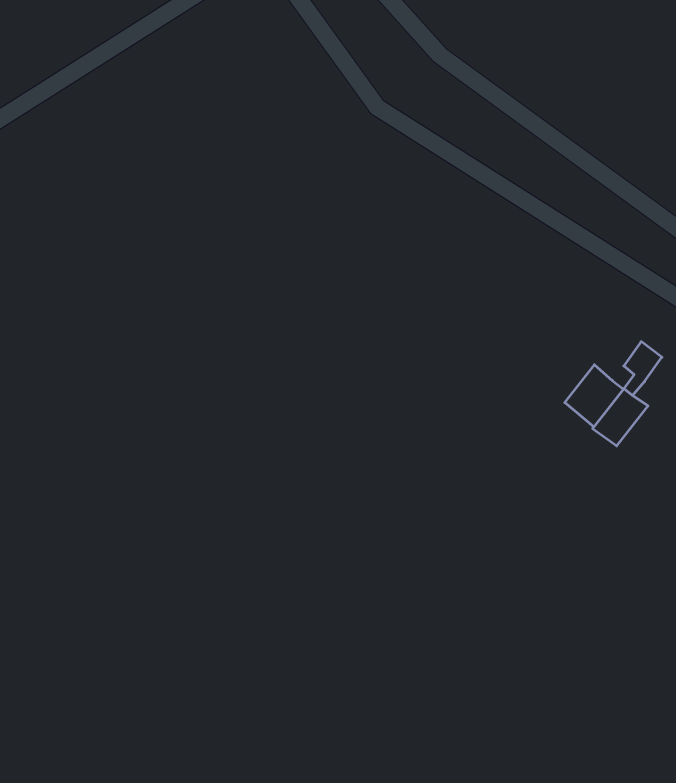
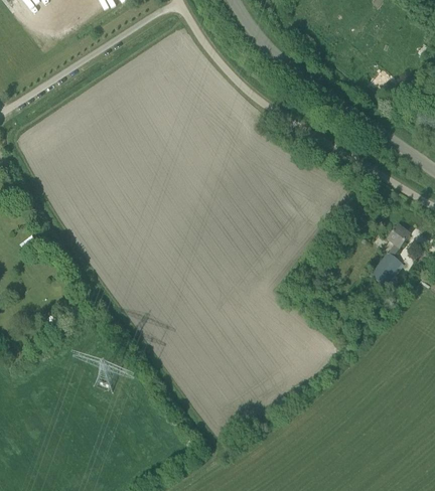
building: [565,365,623,427] -> none

